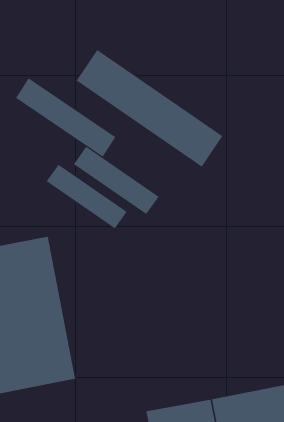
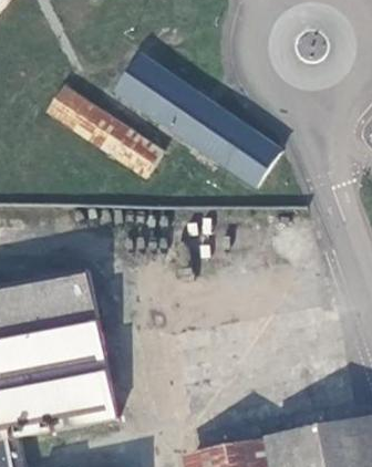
building: [73,146,159,215] -> none
building: [46,164,127,229] -> none

